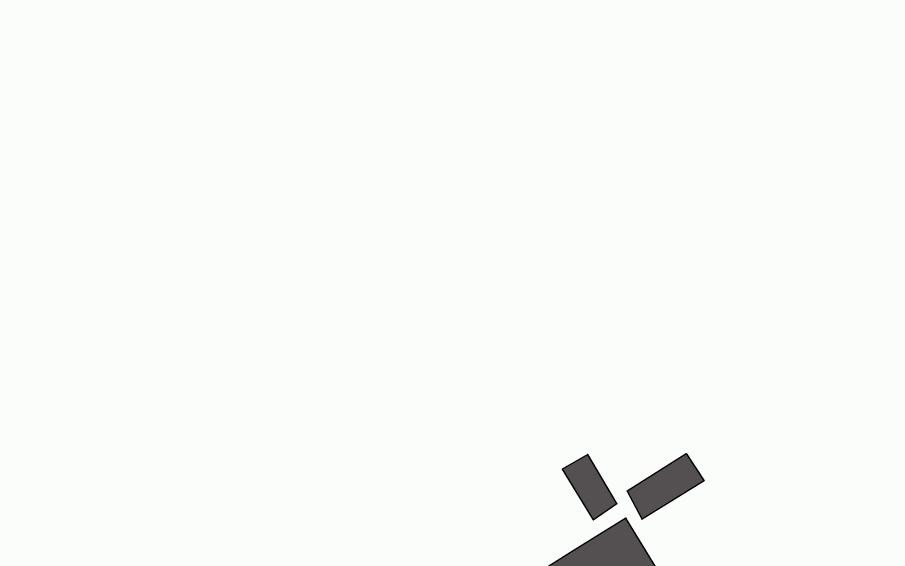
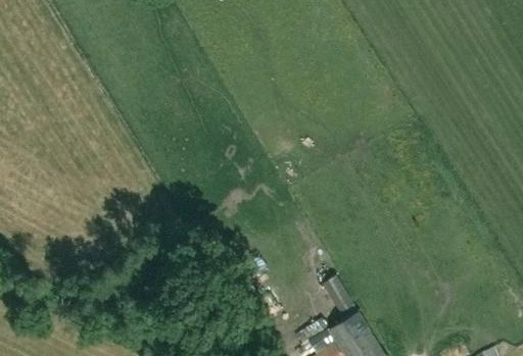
building: [627,454,704,519] -> none

